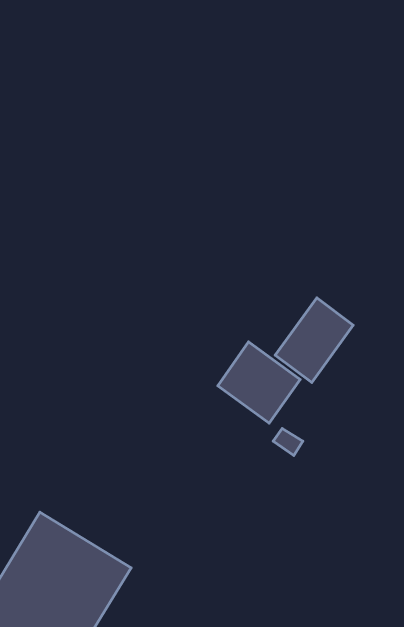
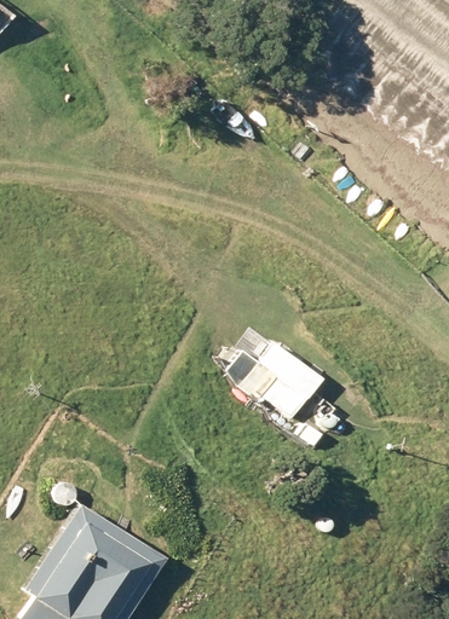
building: [275,298,353,383] -> none

